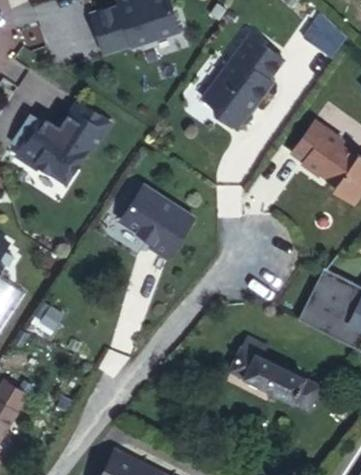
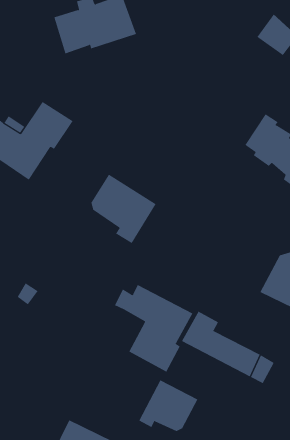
building: [197,40,279,132] -> none
building: none -> [114,284,193,373]
building: none -> [138,379,198,432]

